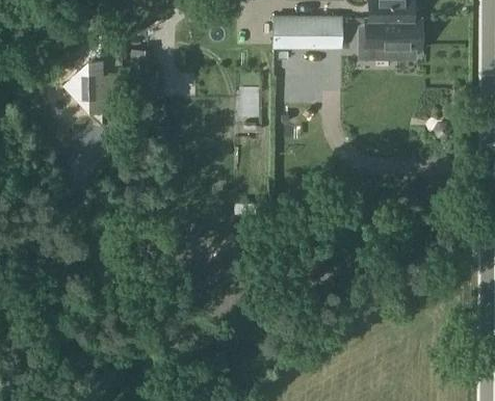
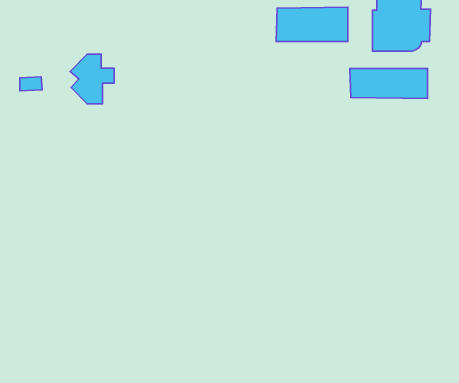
building: none -> [350,68,428,98]

